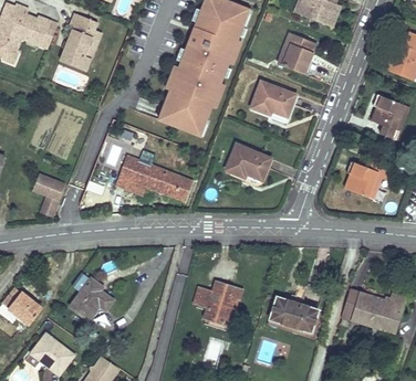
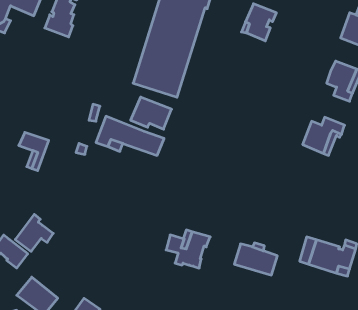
building: [250,82,294,117] -> none
building: [225,145,270,180] -> [131,97,172,129]
building: [70,278,112,319] -> [15,214,53,251]

